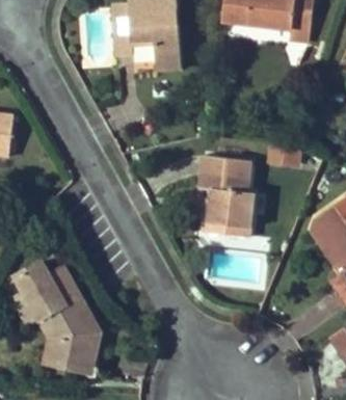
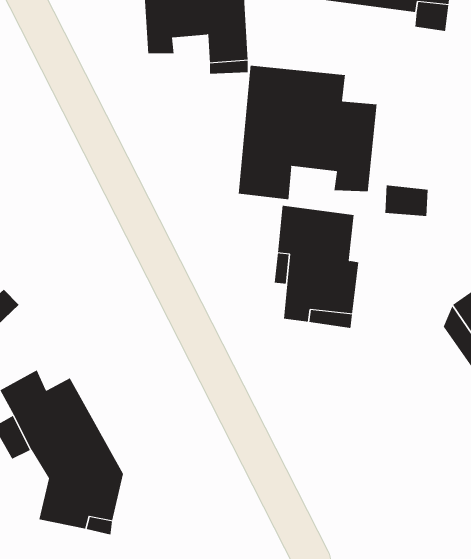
building: none -> [238,65,377,200]

